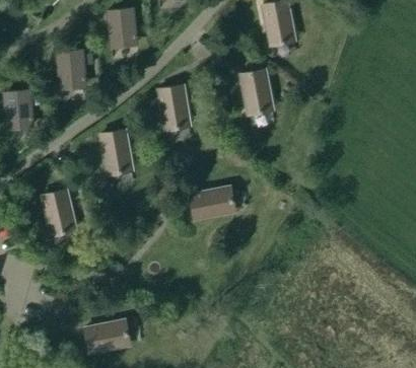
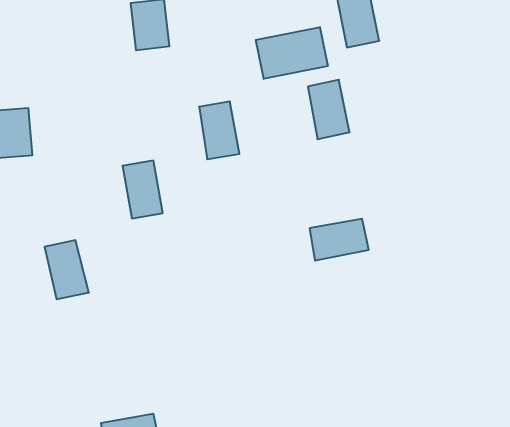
building: none -> [256,27,328,79]
building: [56,51,85,88] -> none
building: [190,188,234,219] -> [310,219,369,261]

